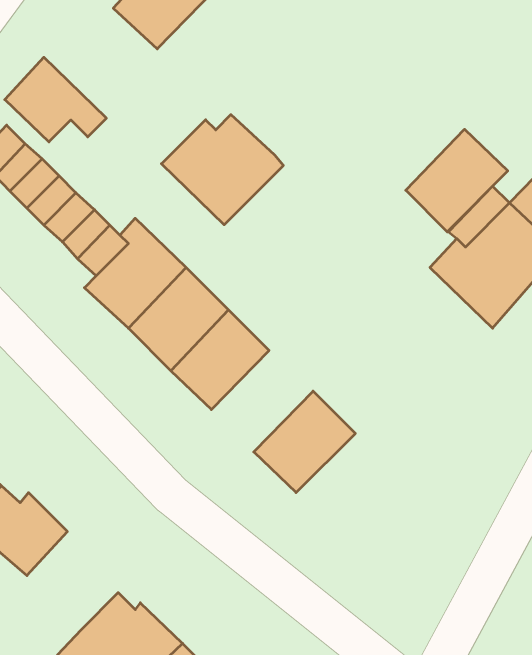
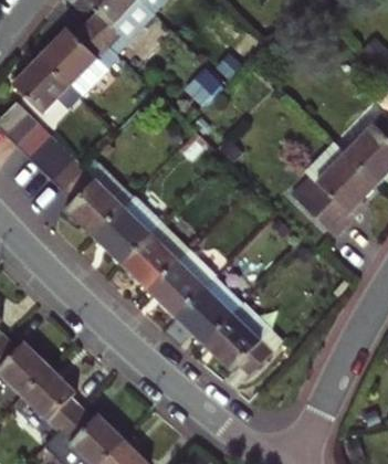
building: [161,115,283,225] -> [39,27,118,98]
building: [406,129,508,232] -> none
building: none -> [148,250,214,316]
building: none -> [203,304,281,375]
building: none -> [28,368,87,432]

